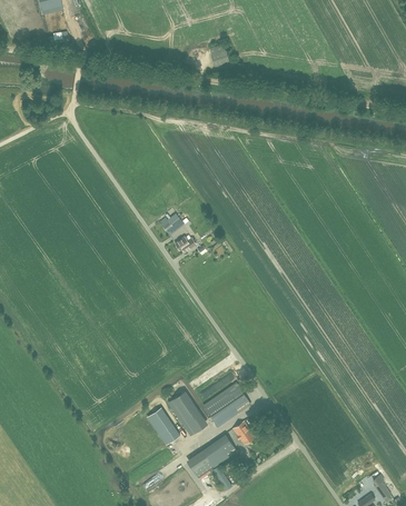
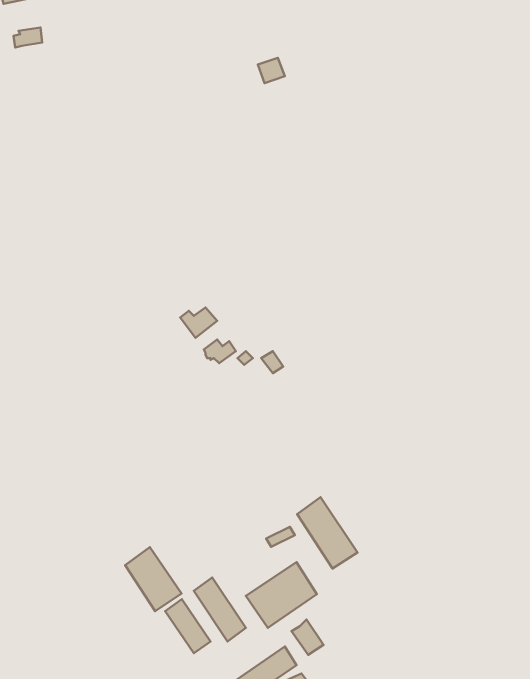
building: none -> [297,497,357,569]
building: none -> [125,547,182,611]

